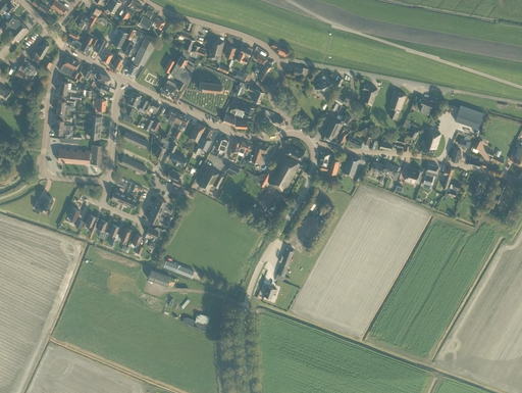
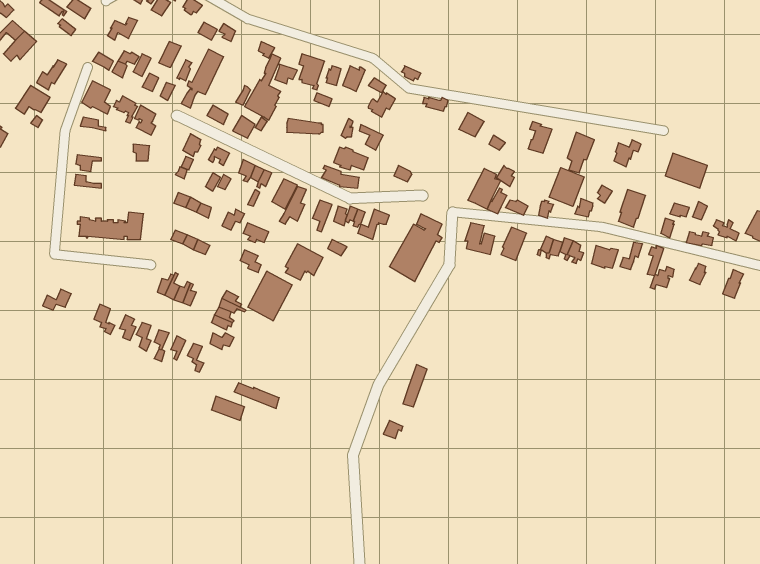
building: none -> [549,168,584,206]
building: none -> [248,271,292,321]

